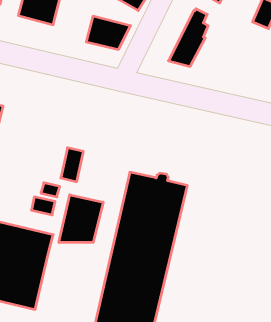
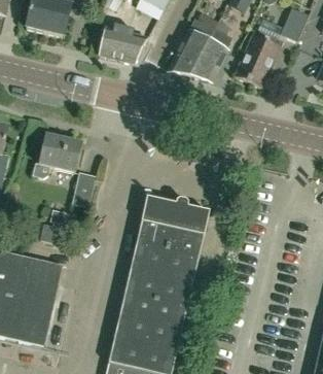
building: none -> [168,13,217,75]
building: none -> [235,28,284,87]
building: none -> [32,135,81,176]
building: [59,195,103,243] -> none

